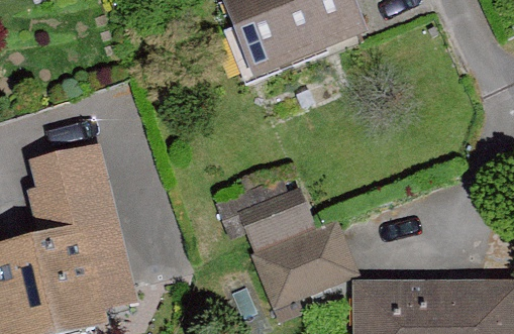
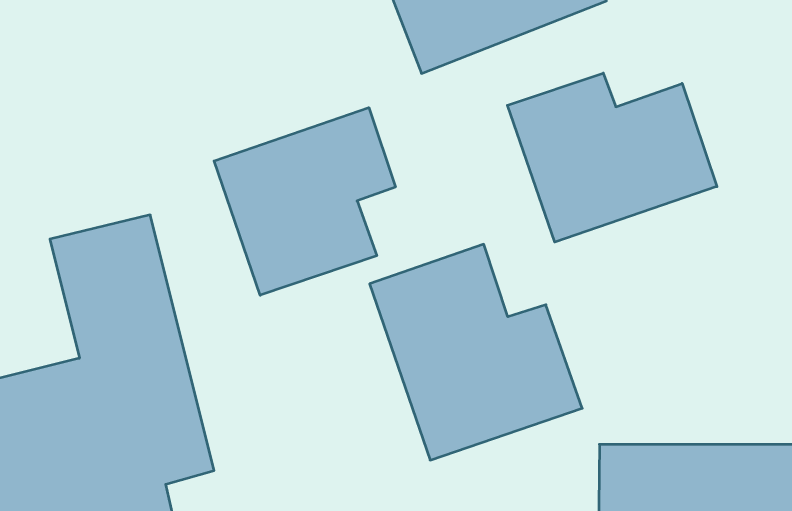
building: none -> [507,73,717,242]
building: none -> [214,108,395,295]

